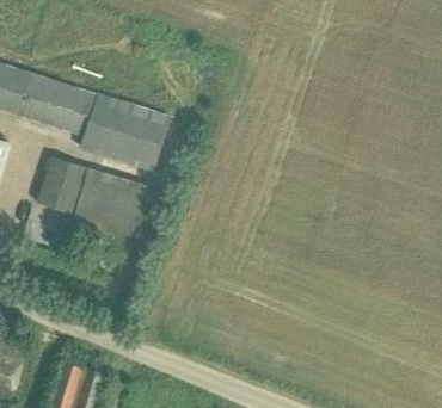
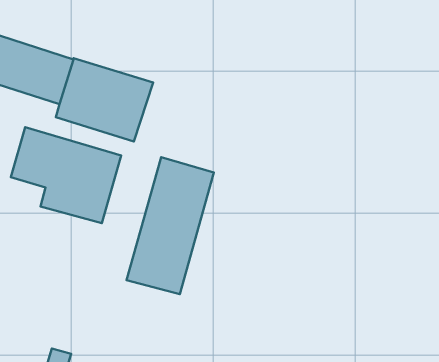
building: none -> [126,157,214,294]

